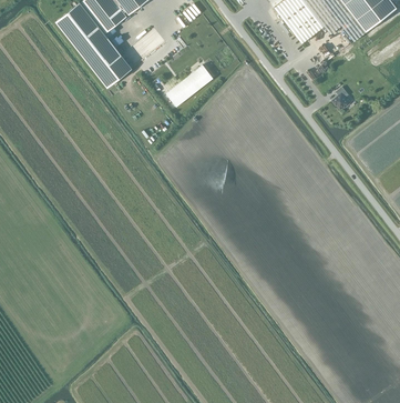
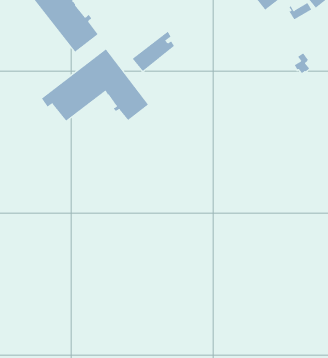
building: none -> [41,49,149,121]

